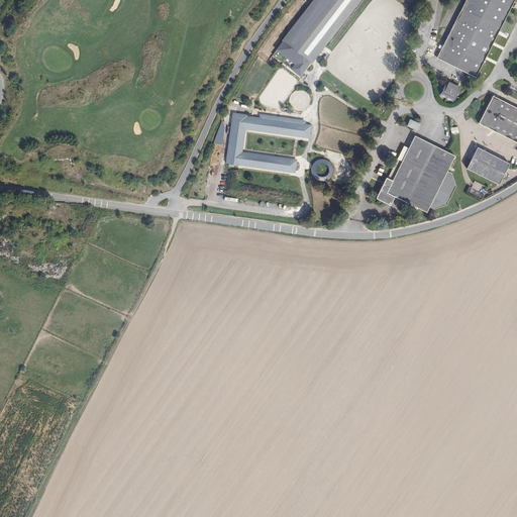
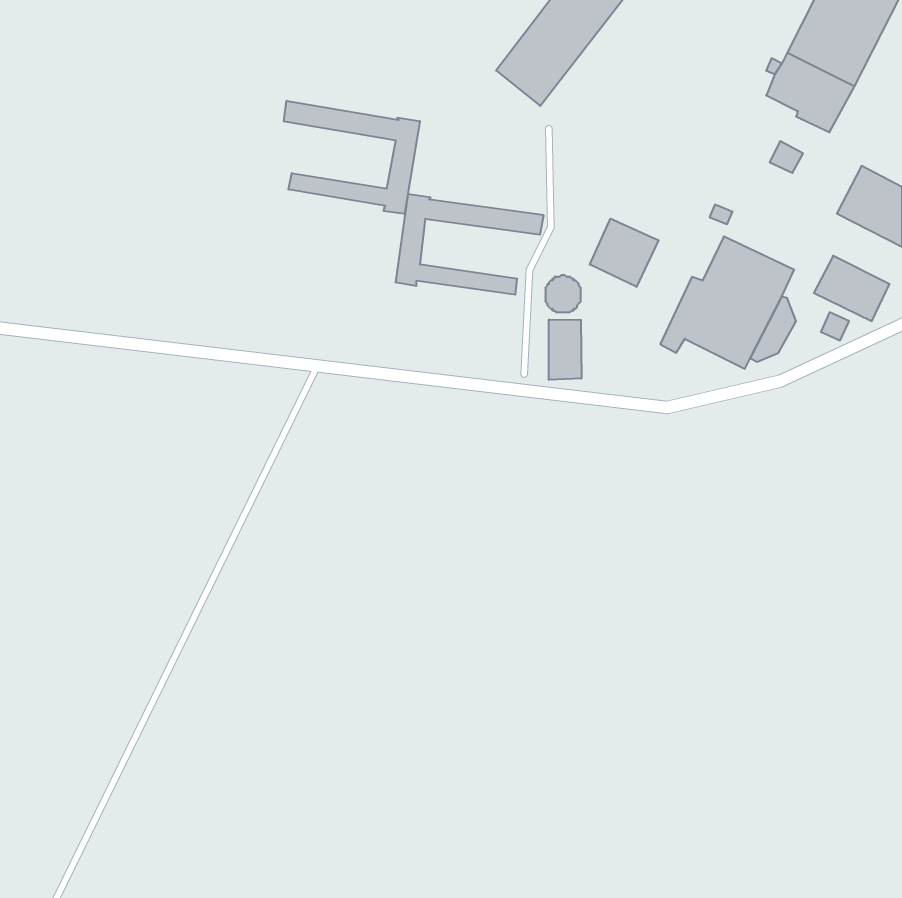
building: [273,39,310,74] -> none
building: none -> [284,101,420,214]
building: none -> [590,219,659,287]
building: none -> [549,319,581,380]

